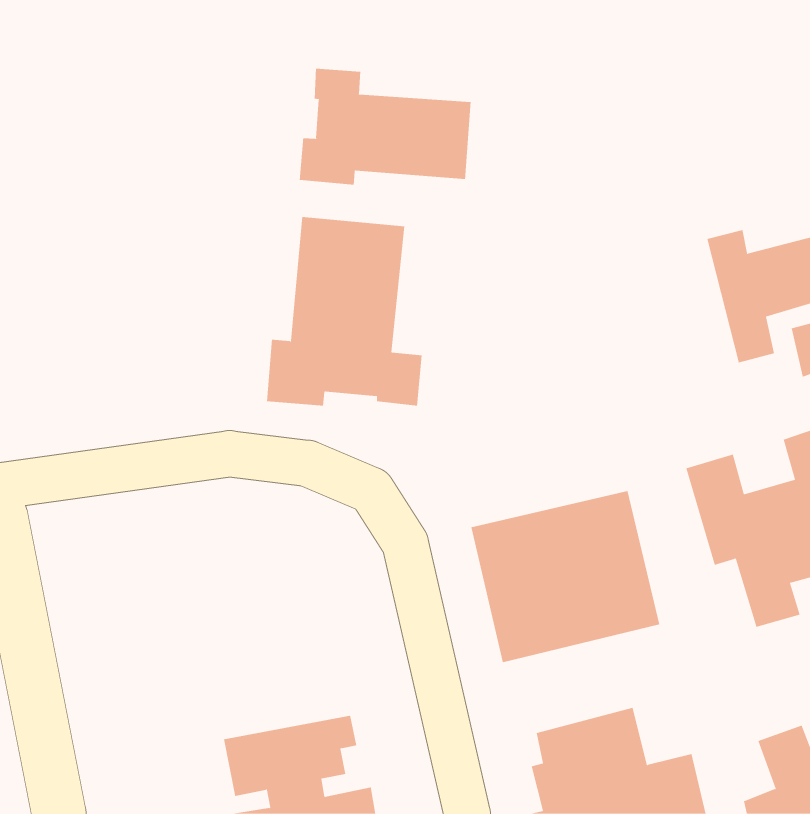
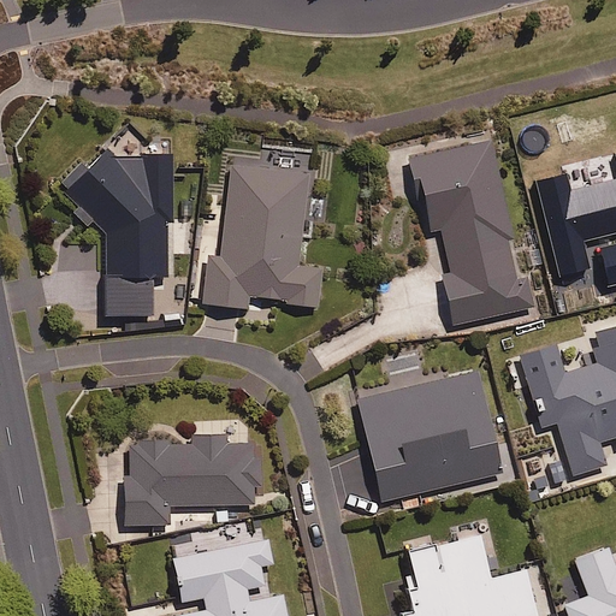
building: [299,68,471,186] -> none
building: none -> [413,138,535,325]
building: none -> [64,150,173,316]
building: none -> [124,434,261,525]

